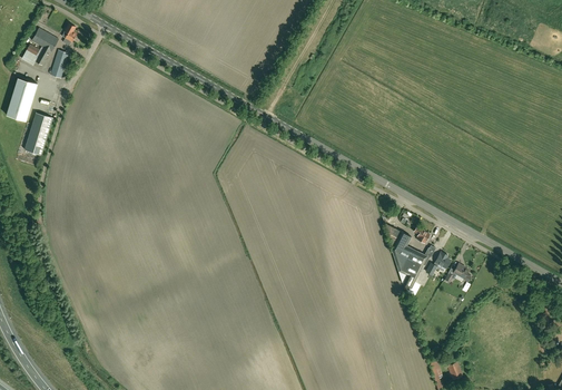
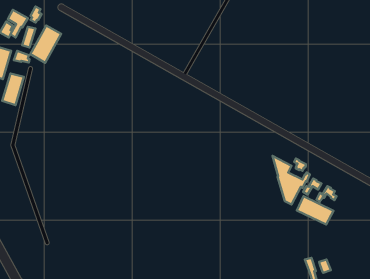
building: none -> [30,26,61,63]
building: none -> [297,196,334,225]

